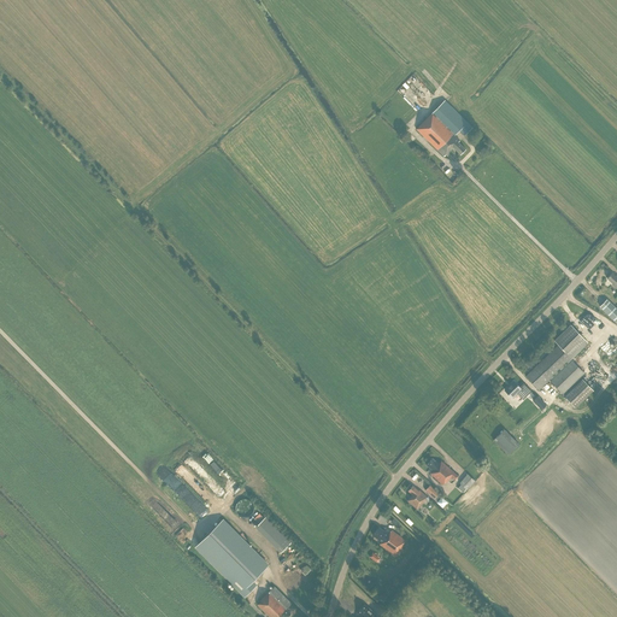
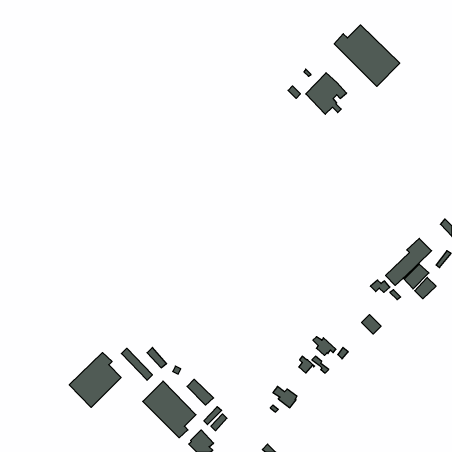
building: none -> [334,25,400,86]
building: none -> [69,353,121,407]

